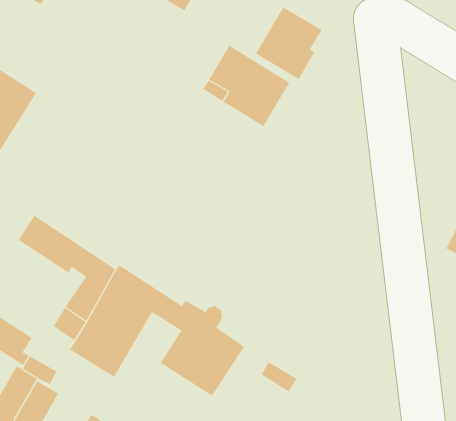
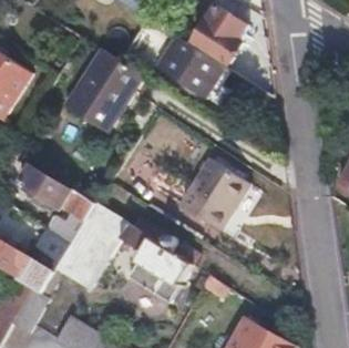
building: none -> [64,49,142,133]
building: none -> [179,160,260,239]

